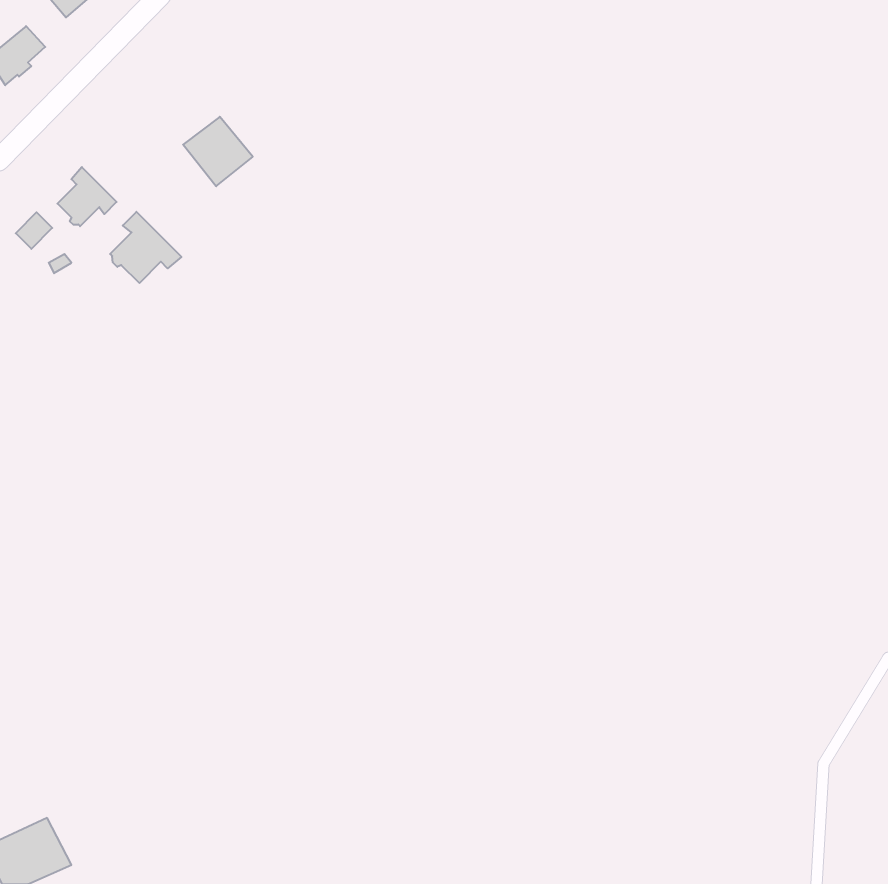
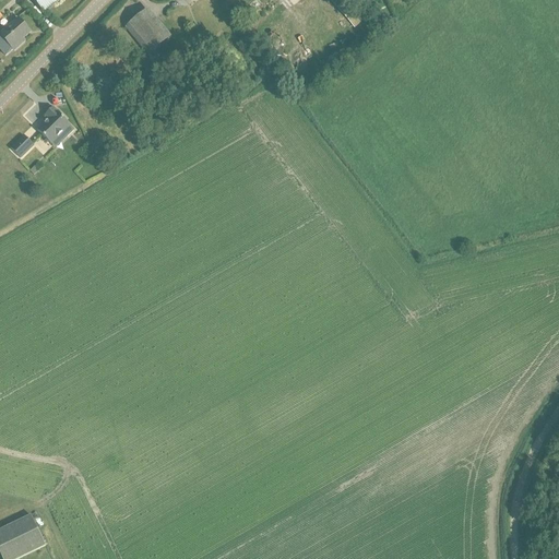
building: [183,117,253,186] -> [126,8,169,51]
building: [110,212,181,283] -> none

